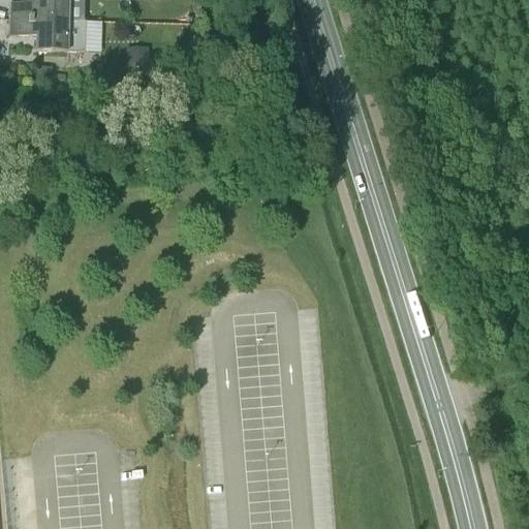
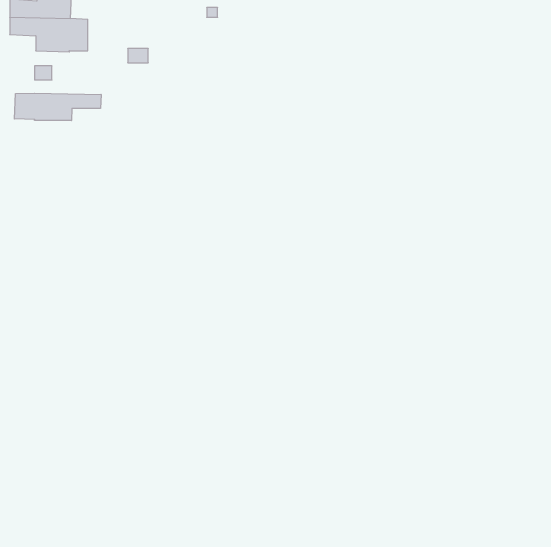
building: none -> [14,93,101,121]

